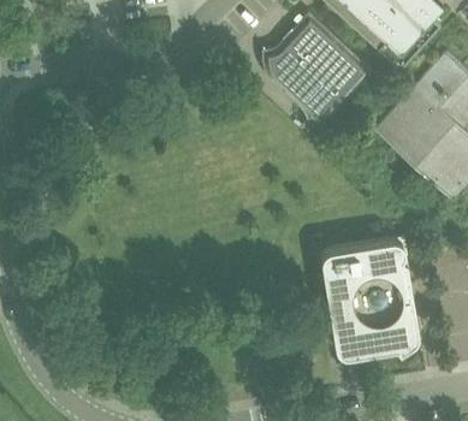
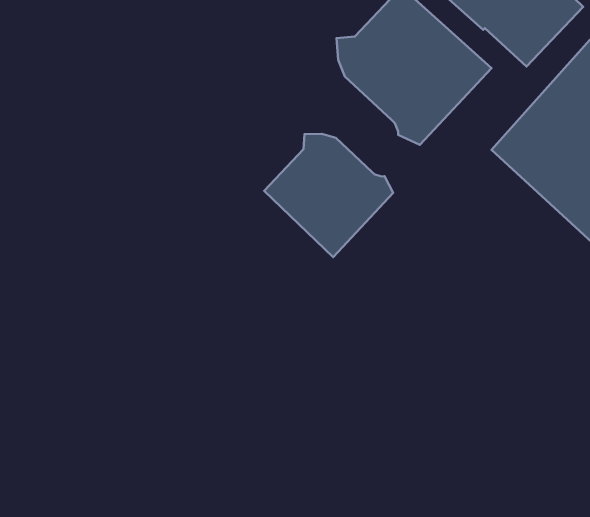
building: none -> [264,134,393,257]
building: [322,238,419,356] -> none

